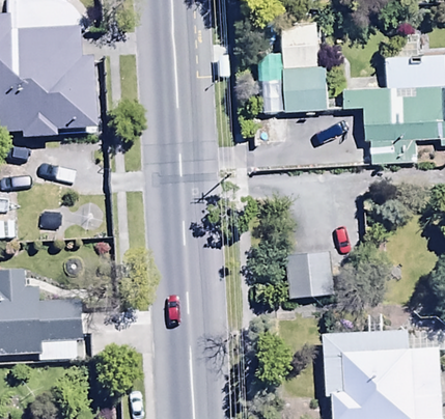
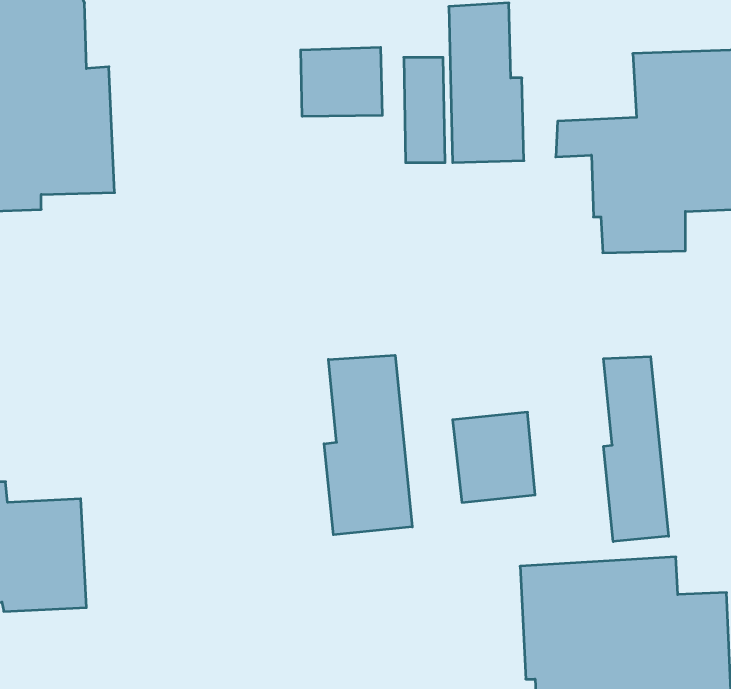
building: none -> [301,47,382,116]
building: none -> [324,355,412,535]
building: none -> [604,357,669,542]

